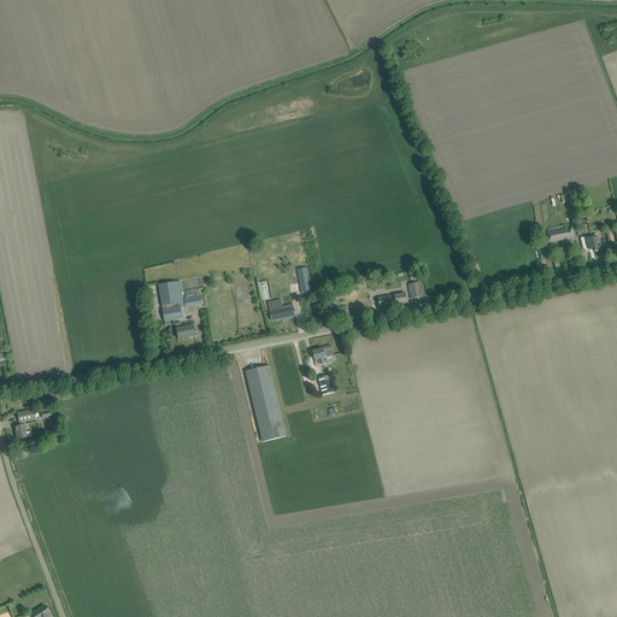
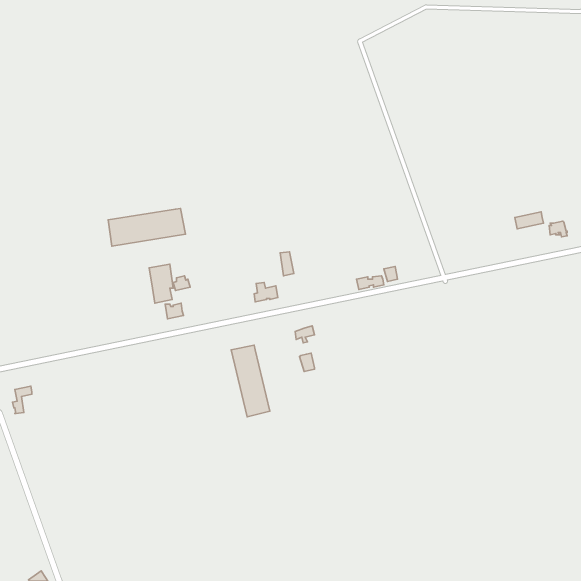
building: none -> [108,208,186,246]

